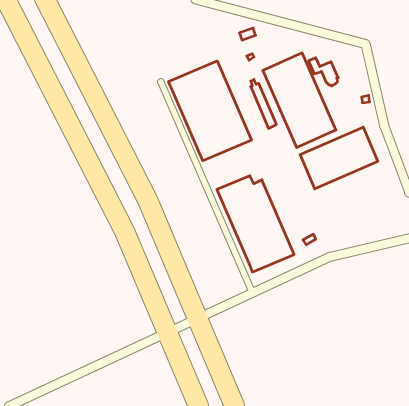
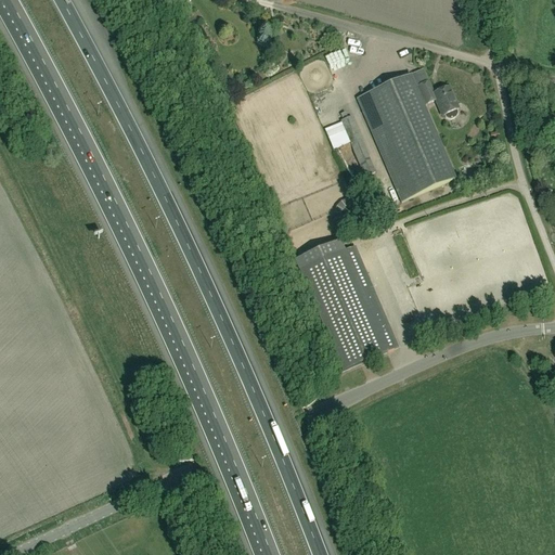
building: [169,61,251,161] -> none
building: [300,127,378,189] -> none

